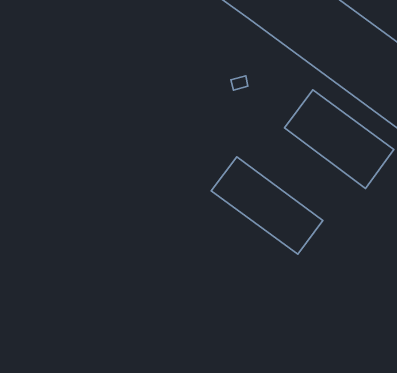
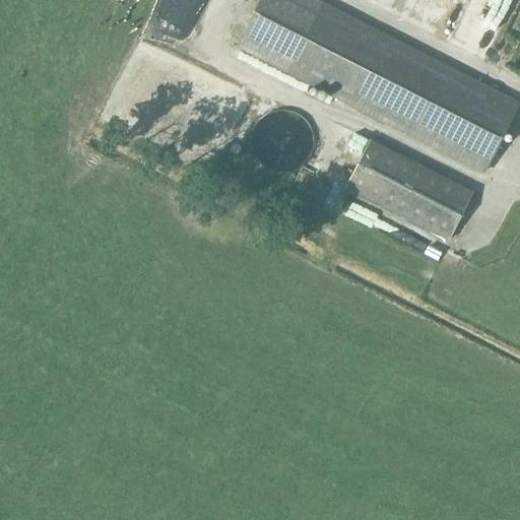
building: [211,157,323,254] -> none

